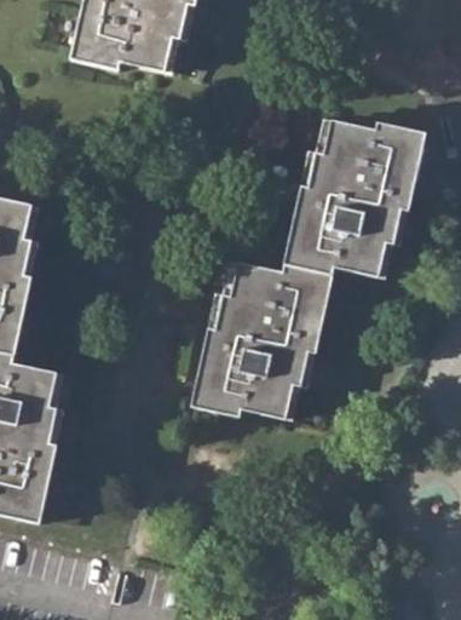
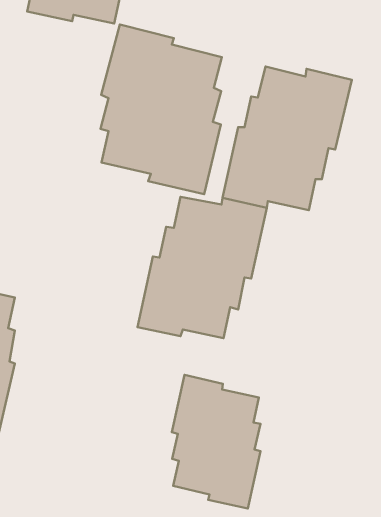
building: none -> [100,25,222,194]
building: none -> [172,375,260,508]

